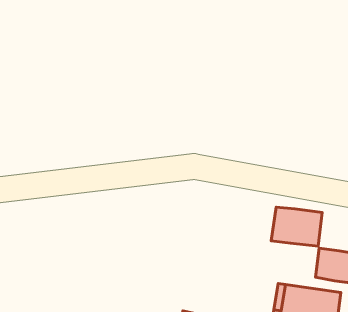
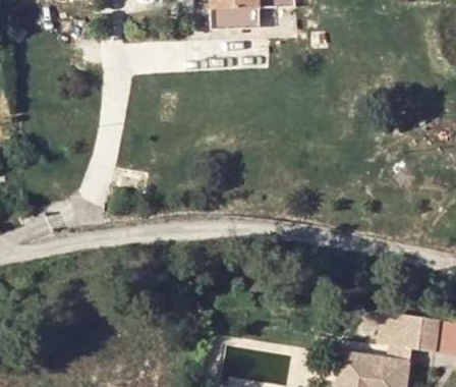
building: [271,207,322,246] -> none

